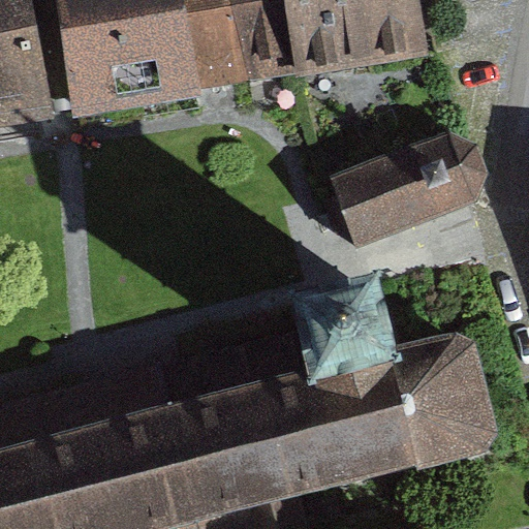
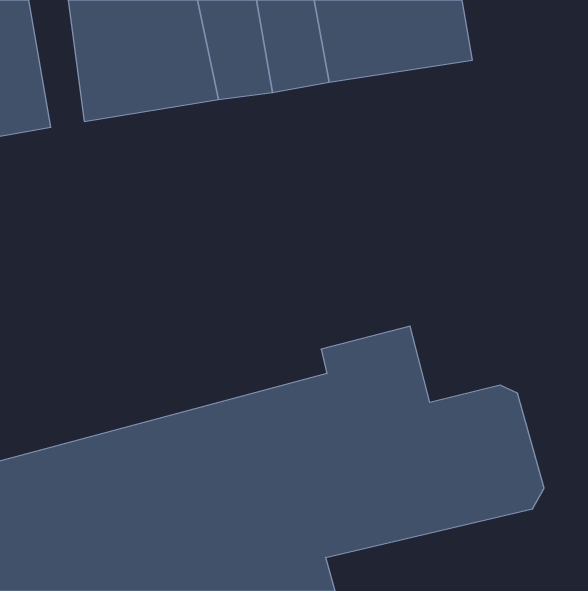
building: [335,145,492,255] -> none

